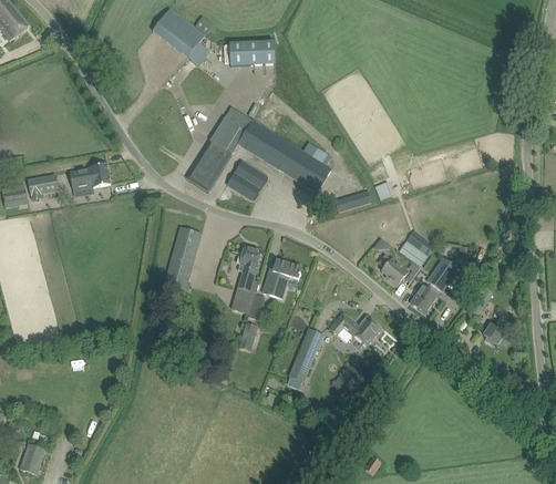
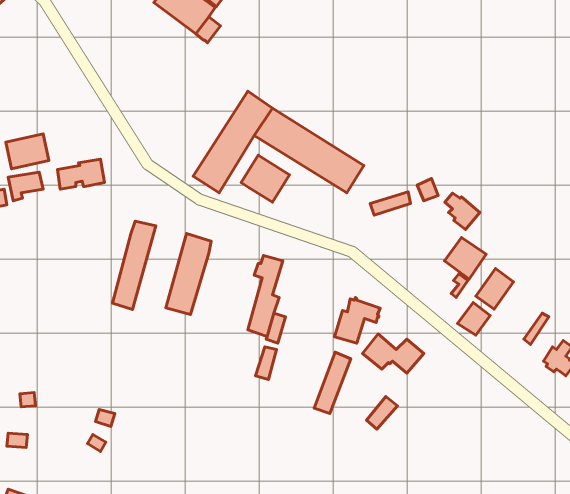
building: [228,40,275,64] -> none
building: none -> [6,134,49,169]
building: none -> [112,221,156,309]
building: [378,254,408,285] -> [445,193,480,230]
building: [262,258,301,297] -> [335,298,380,343]

